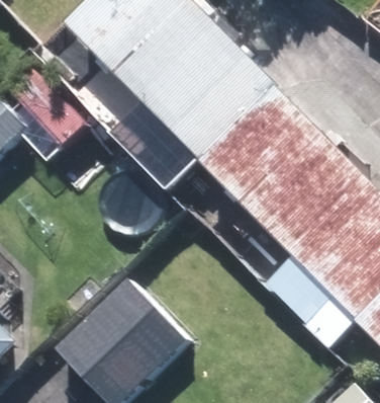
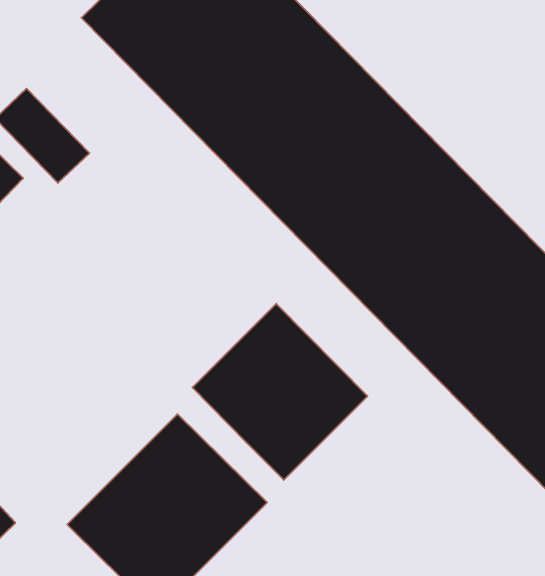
building: none -> [192,304,367,480]

